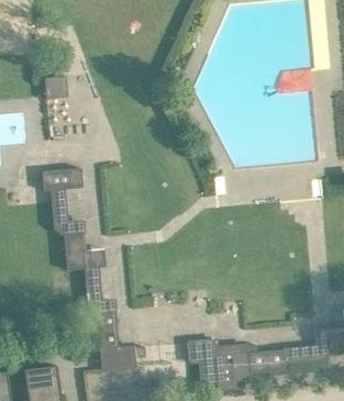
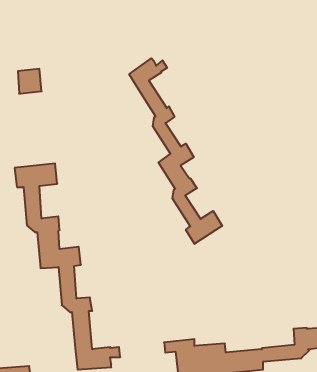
building: none -> [129,58,222,244]

